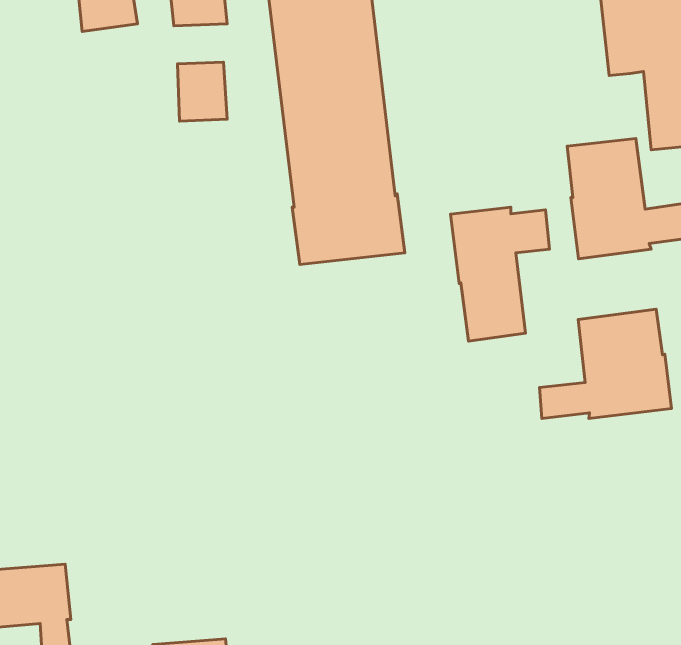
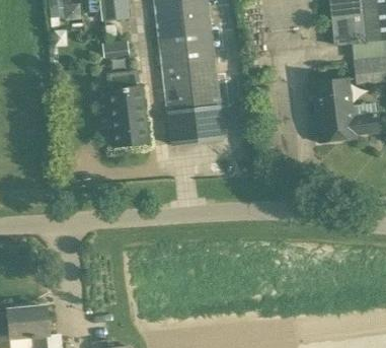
building: none -> [107,68,147,145]
building: [451,207,549,341] -> none
building: [540,309,671,419] -> none

